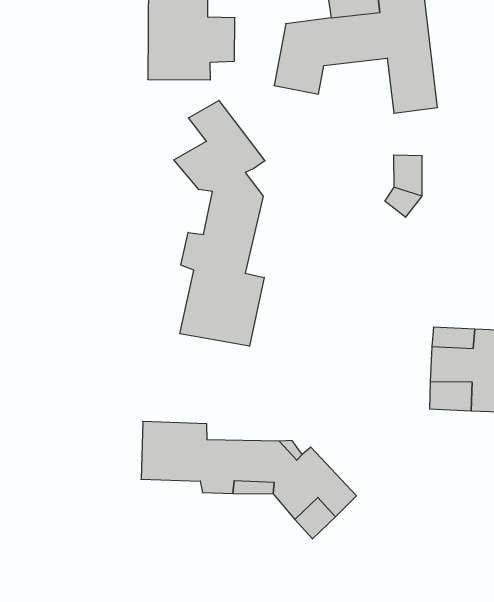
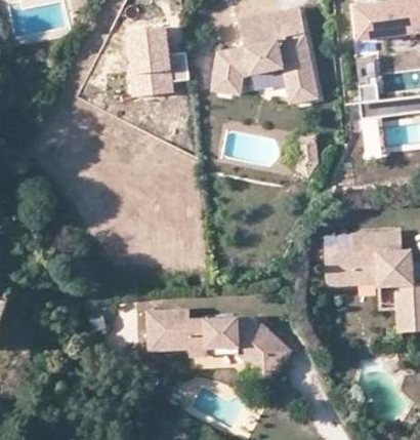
building: [174,100,265,346] -> none

